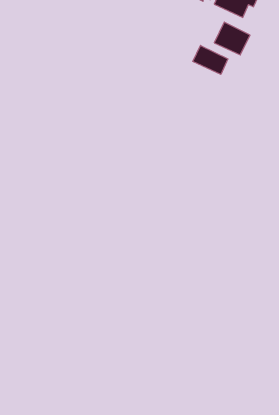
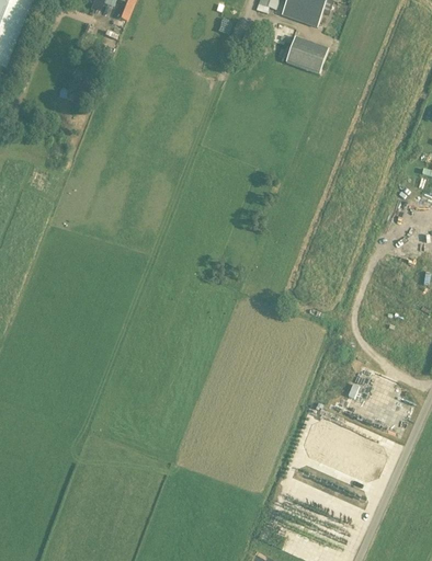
building: [193,45,228,74] -> none

